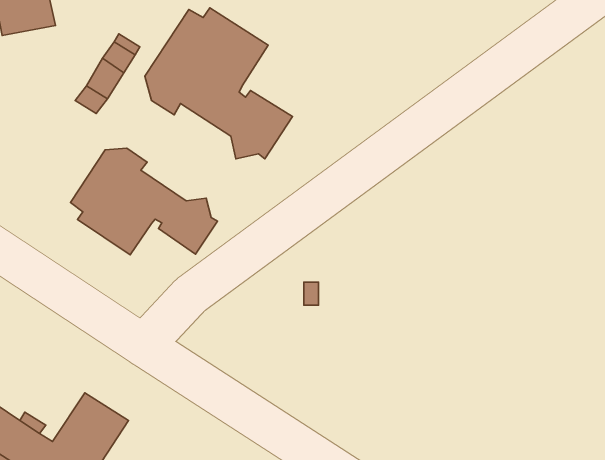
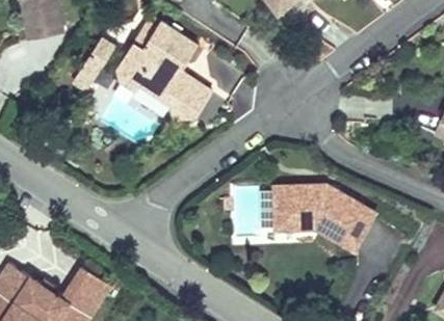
building: [71,148,218,255] -> none
building: none -> [273,184,374,248]

